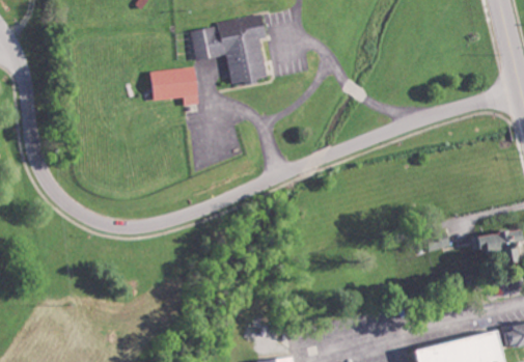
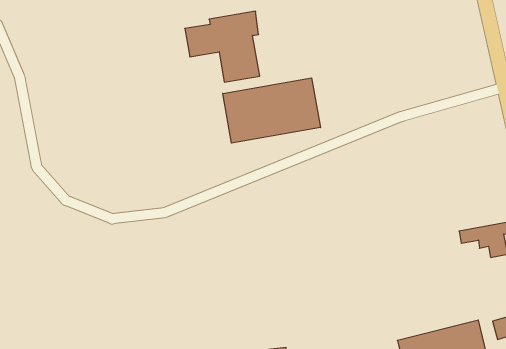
building: [153,68,198,106] -> none
building: none -> [223,78,320,143]

